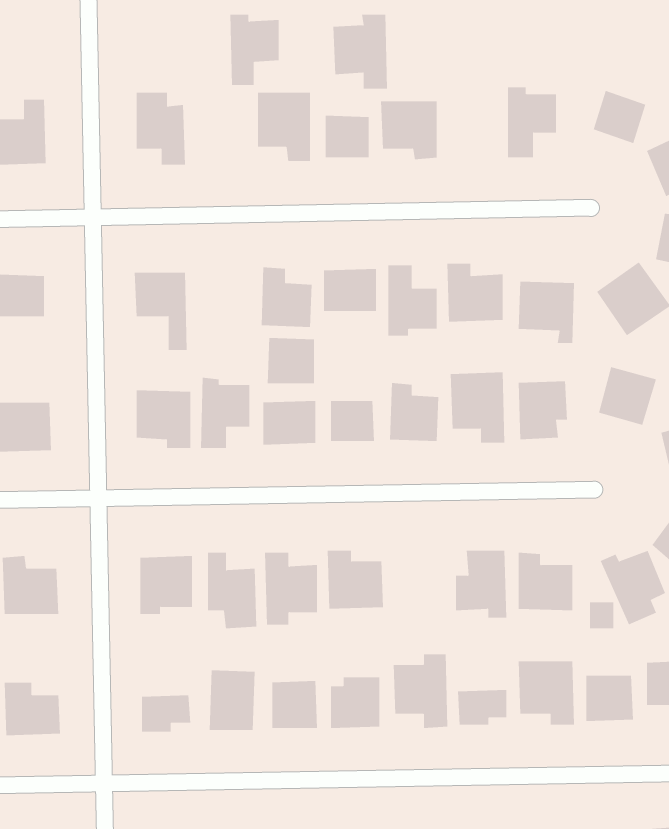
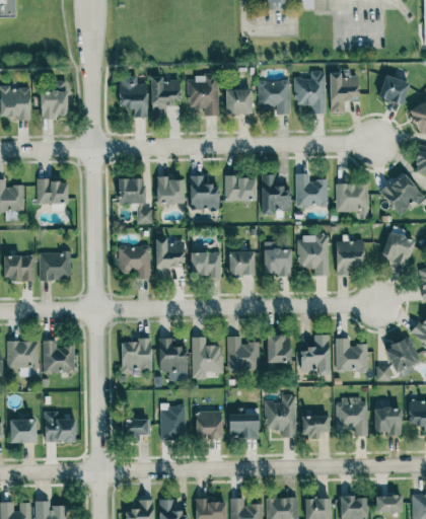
building: [230,14,280,85] -> [151,77,180,118]
building: [333,14,388,89] -> [294,71,326,114]
building: [267,338,315,384] -> [156,177,184,204]
building: none -> [267,335,291,363]

